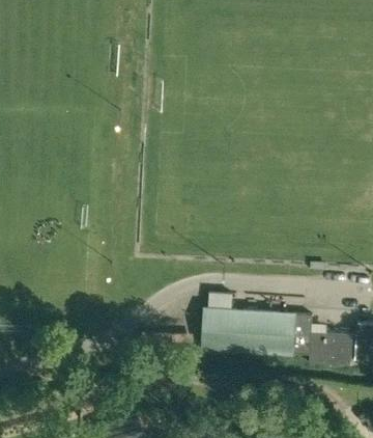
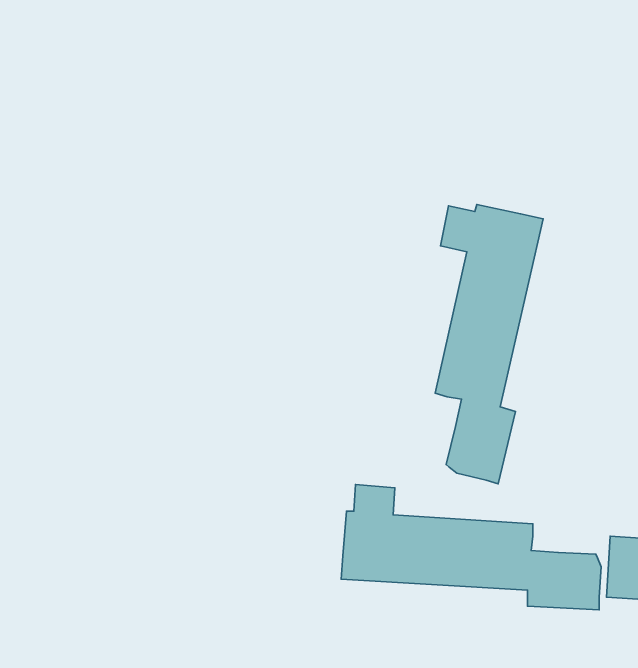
building: none -> [435,205,543,484]

